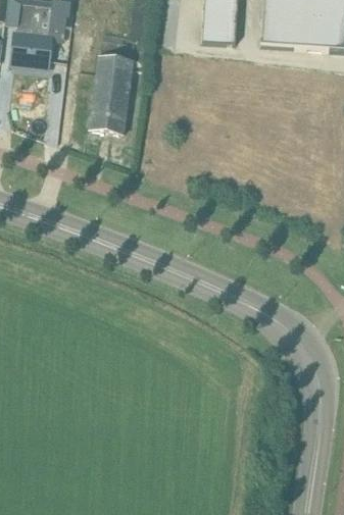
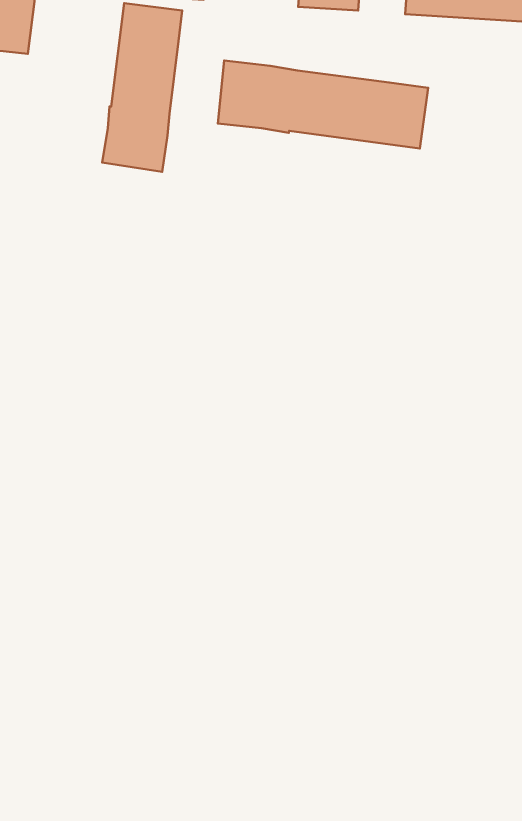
building: none -> [218,61,428,148]

